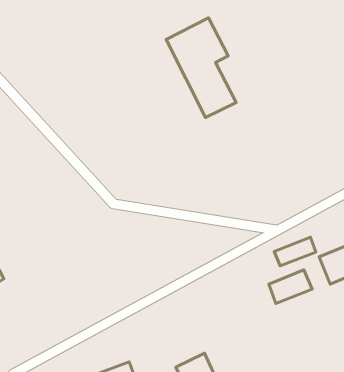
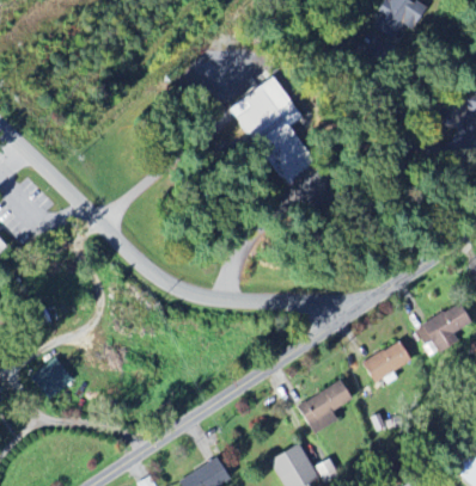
building: [274,237,316,266] -> none
building: none -> [298,380,353,433]

